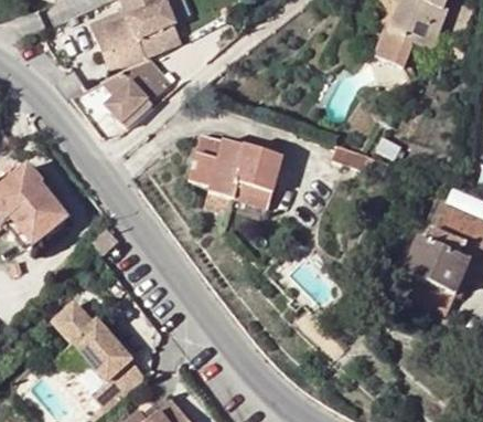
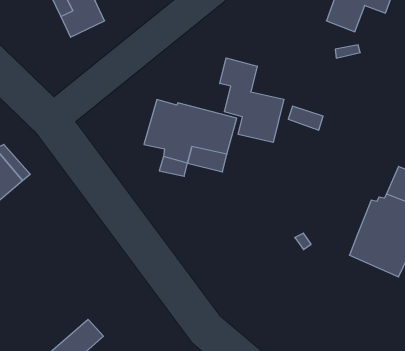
building: [105,74,151,120] -> none
building: none -> [220,58,284,142]
building: [53,299,132,379] -> none

